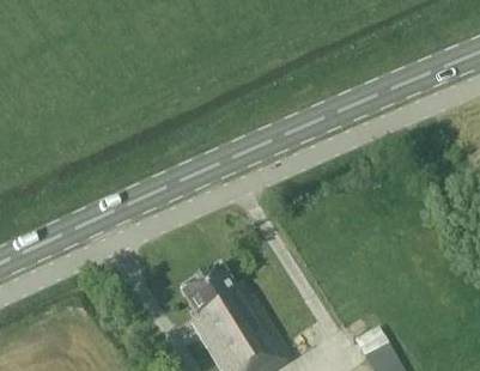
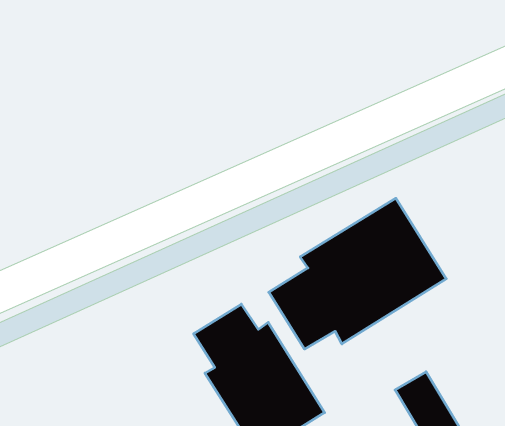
building: none -> [269,198,446,349]

